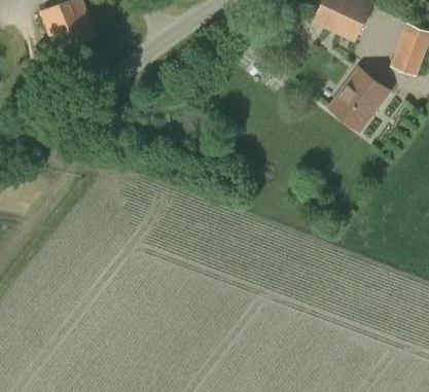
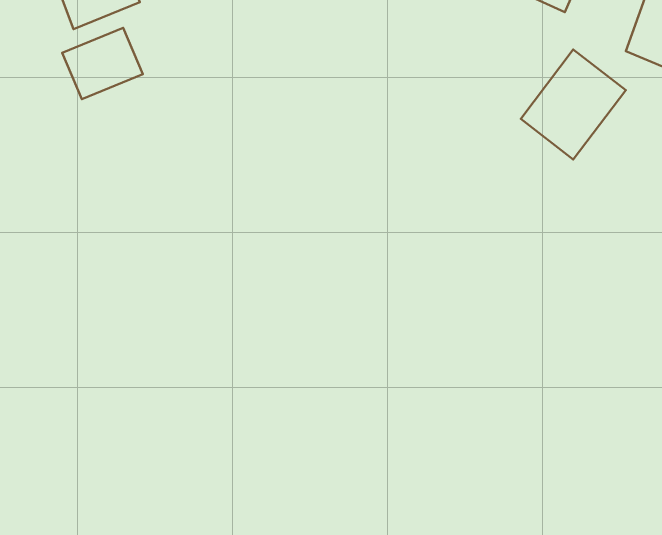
building: none -> [62,28,143,99]

